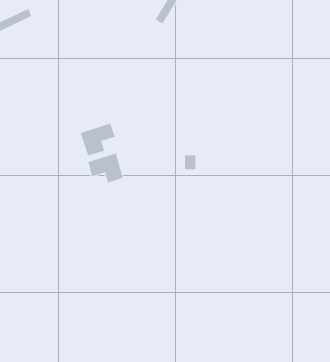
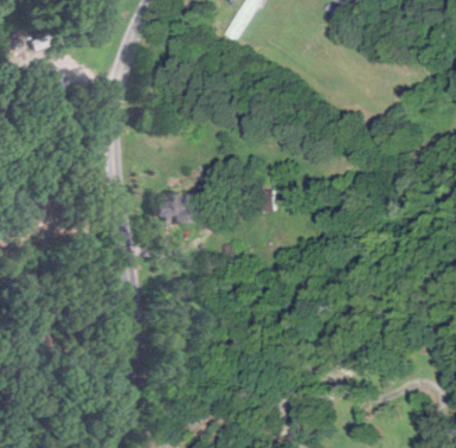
building: [80,123,116,156] -> none

